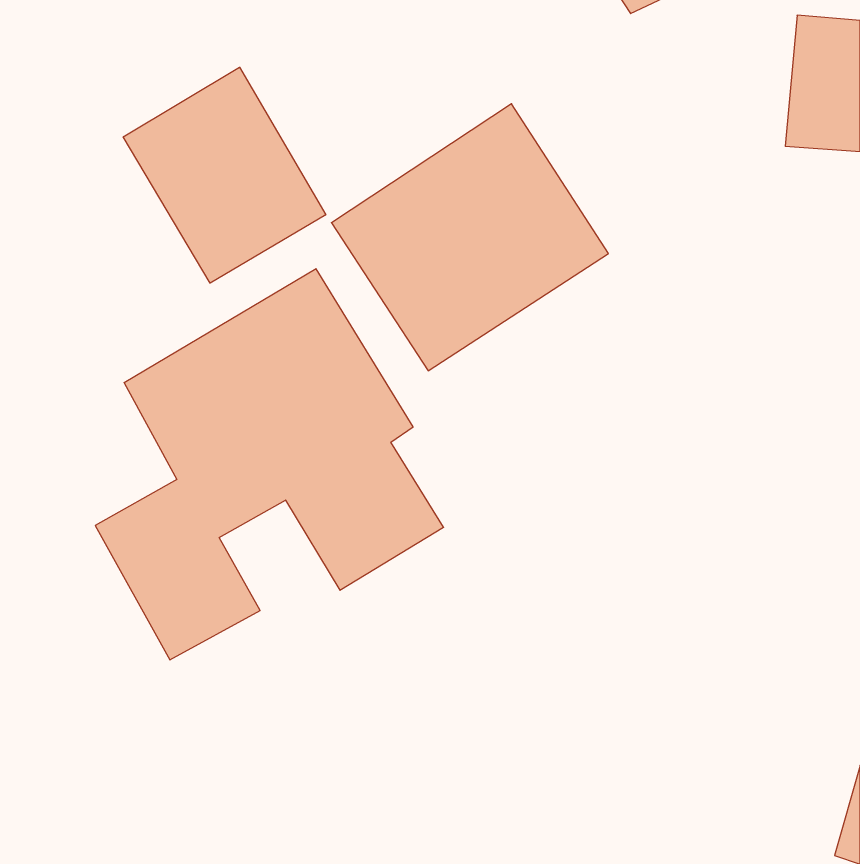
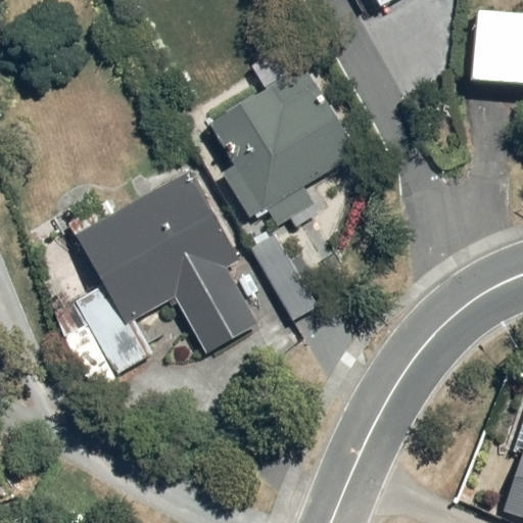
building: [123,67,326,283] -> none

